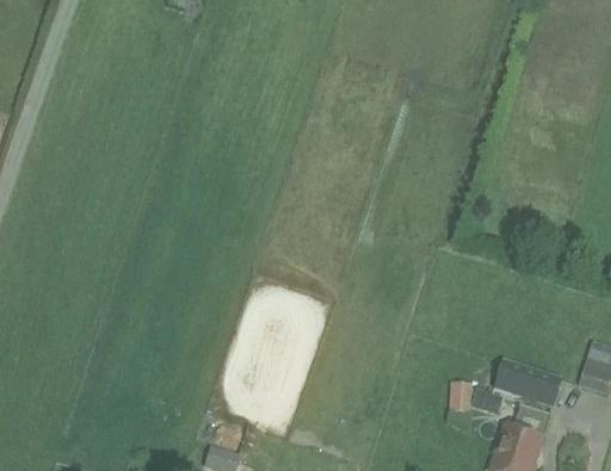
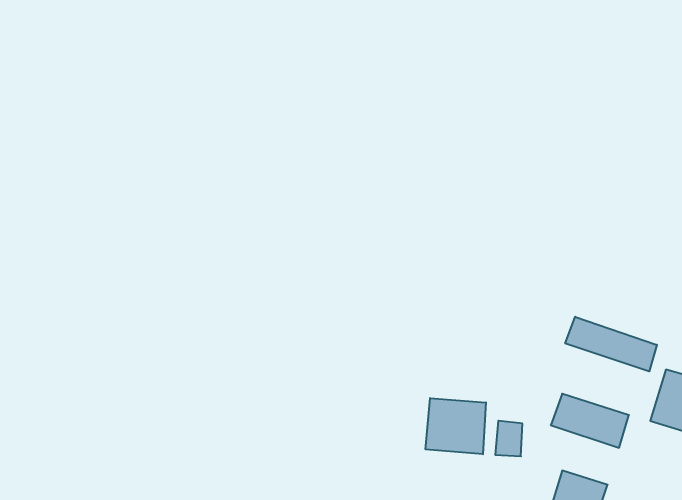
building: none -> [565,317,657,371]
building: none -> [426,398,486,454]

